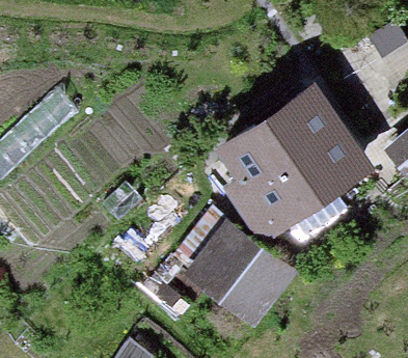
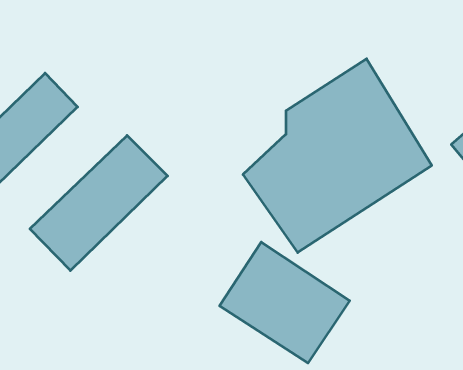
building: none -> [30,135,168,271]

